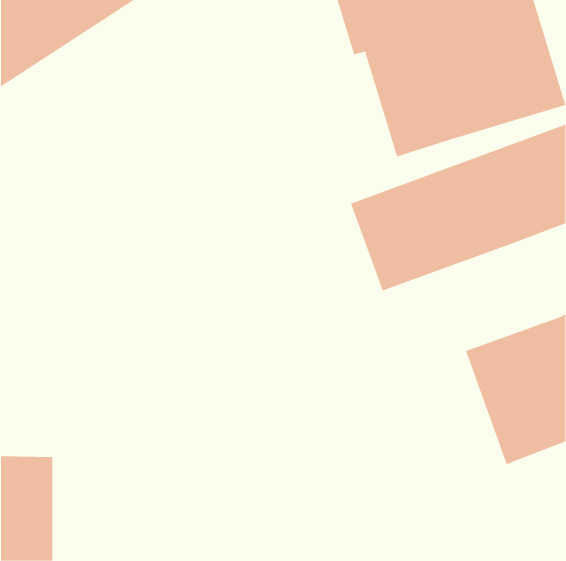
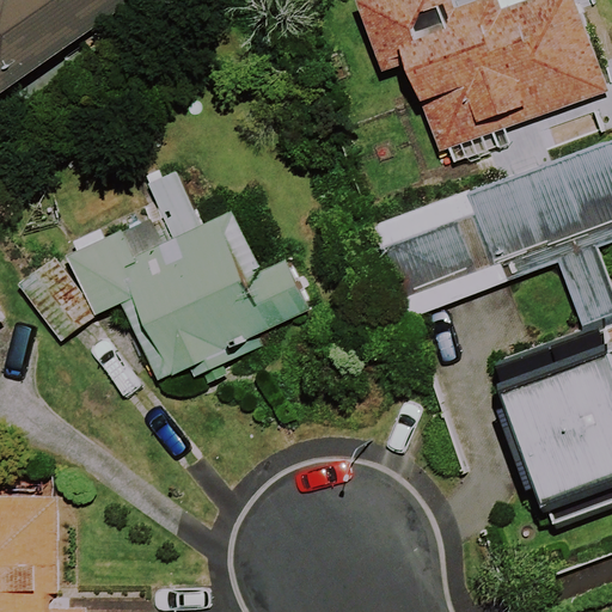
building: none -> [19,182,307,390]

